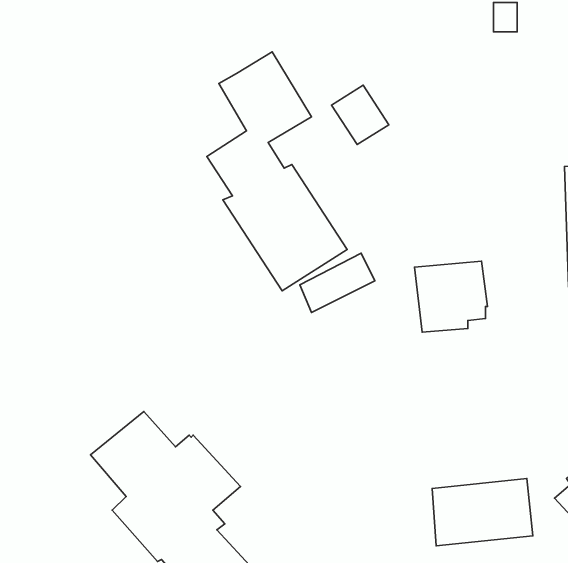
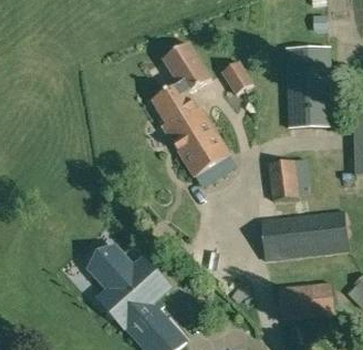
building: none -> [284,47,332,127]
building: none -> [260,209,349,260]

